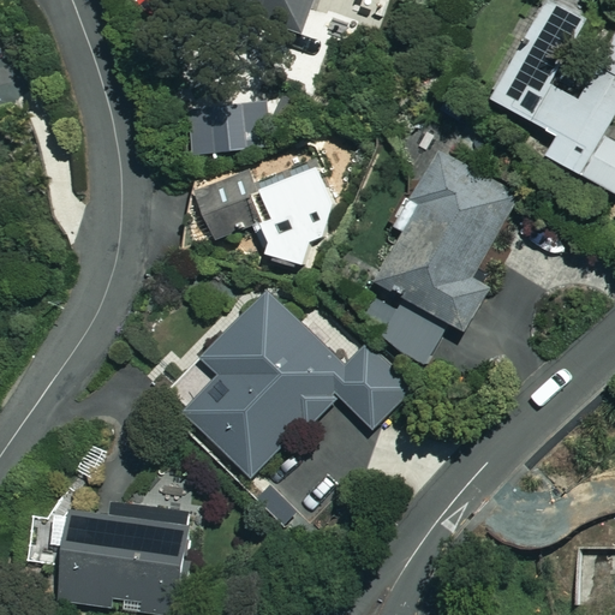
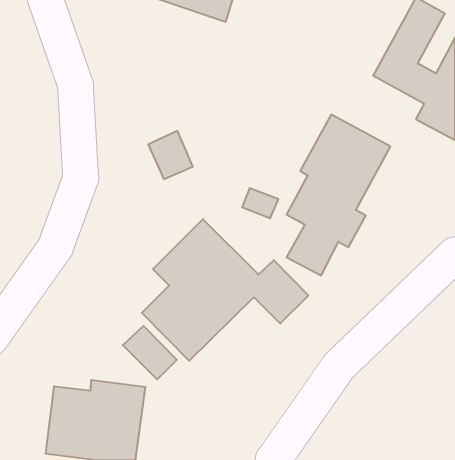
building: [198,95,257,156] -> none
building: [262,169,323,271] -> none
building: none -> [123,326,177,379]

